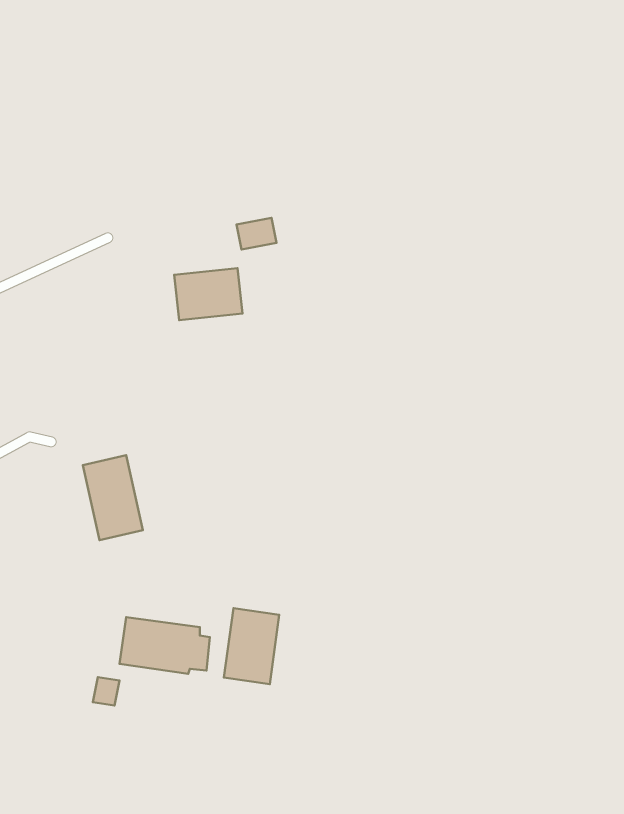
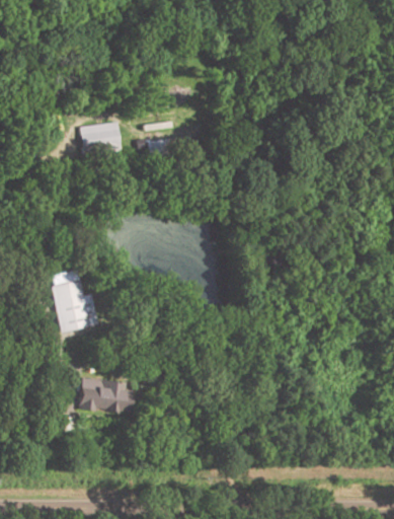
building: [174,268,243,320] -> [78,123,120,154]
building: [224,608,279,684] -> none

